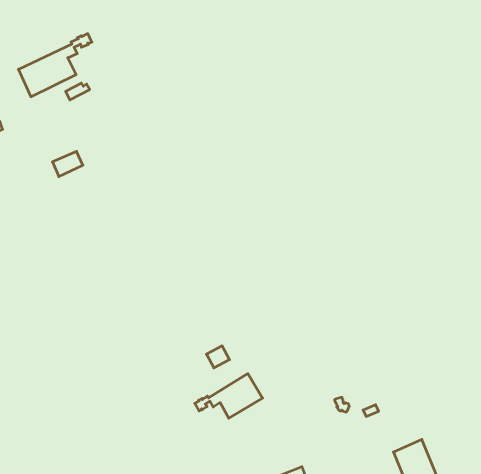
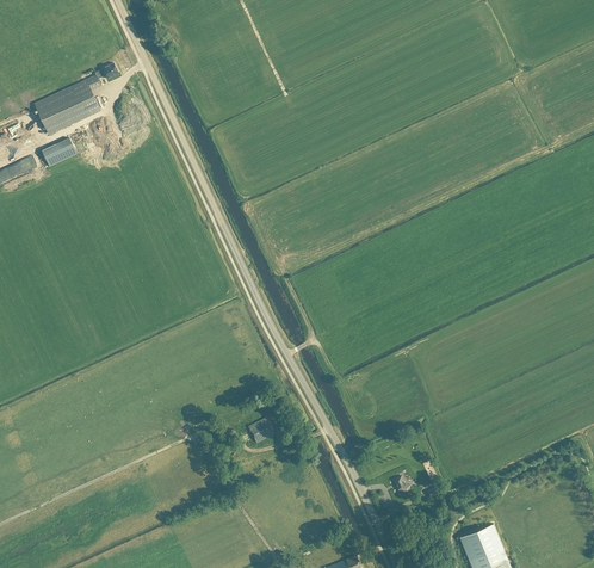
building: [52,151,83,177] -> [41,138,75,167]
building: [195,374,263,418] -> none

